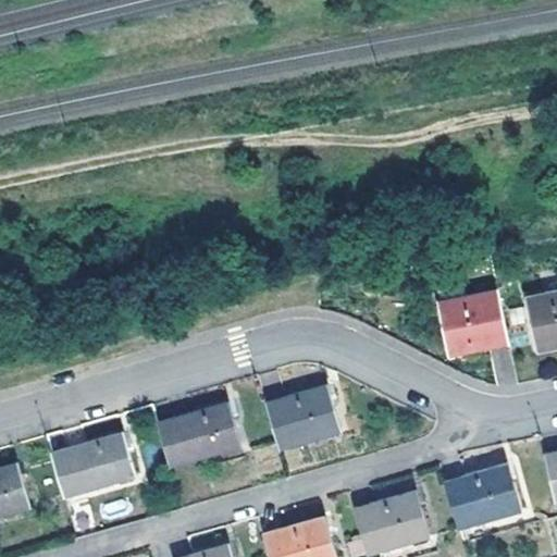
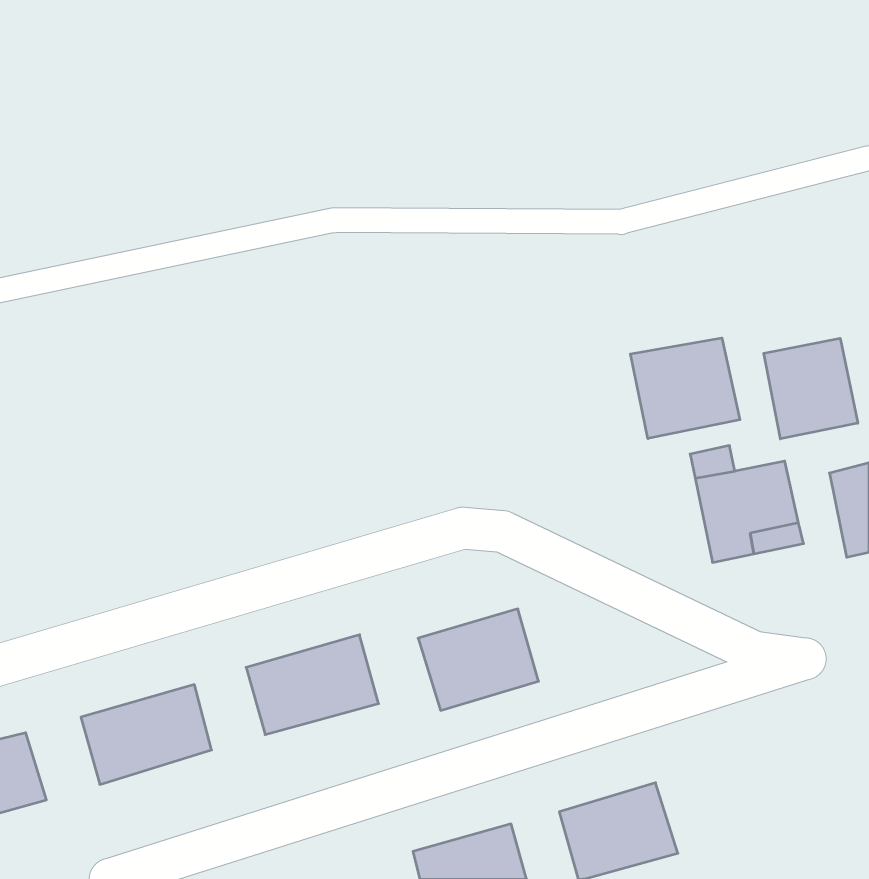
building: none -> [630,338,740,439]
building: none -> [764,338,858,439]
building: [444,468,519,532] -> none

